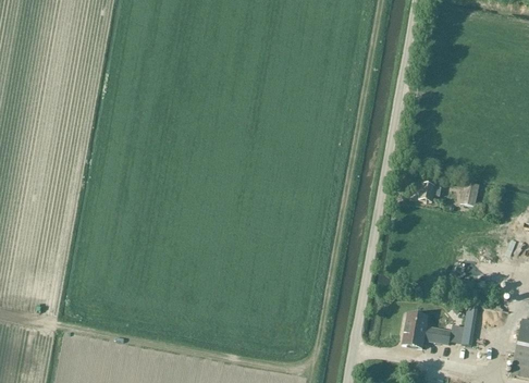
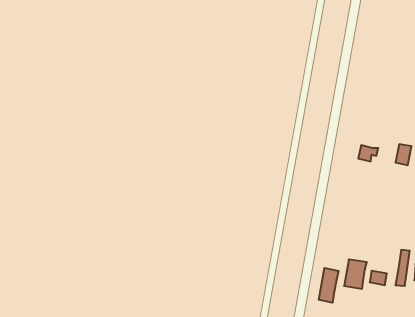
building: none -> [319,268,338,303]

